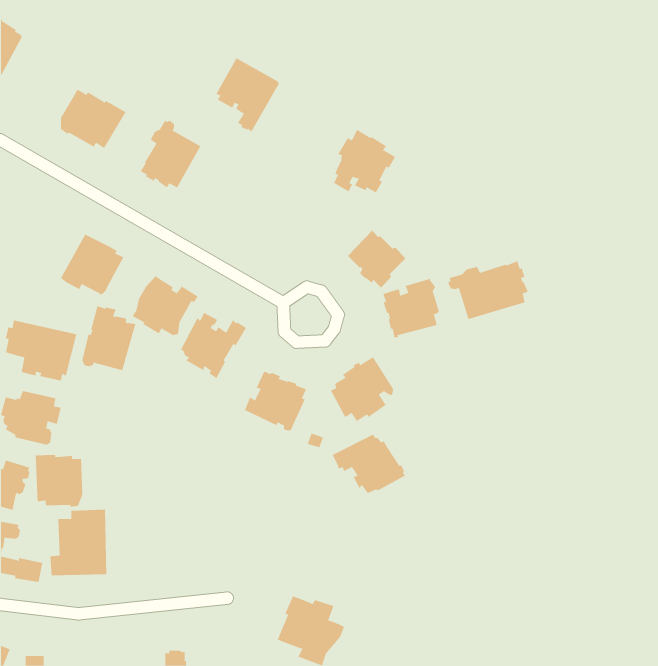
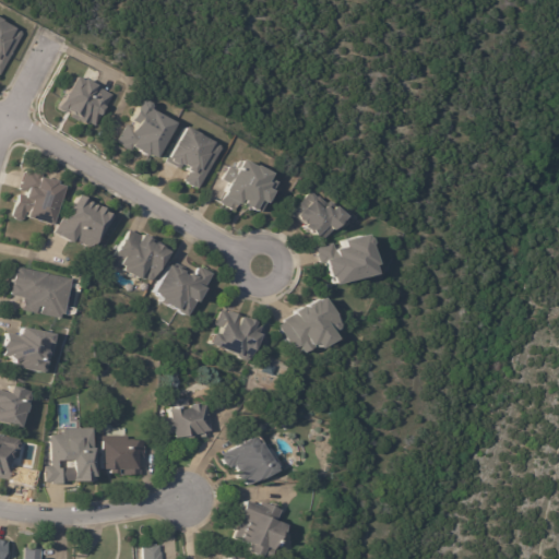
building: [215,58,279,132] -> [169,126,223,188]
building: [333,129,396,193] -> [226,159,278,213]
building: [448,261,529,320] -> none
building: [81,306,136,371] -> [17,169,63,224]
building: [332,434,406,494] -> [227,436,289,486]
building: [35,454,83,508] -> none
building: none -> [169,403,216,438]
building: none -> [107,435,148,474]

